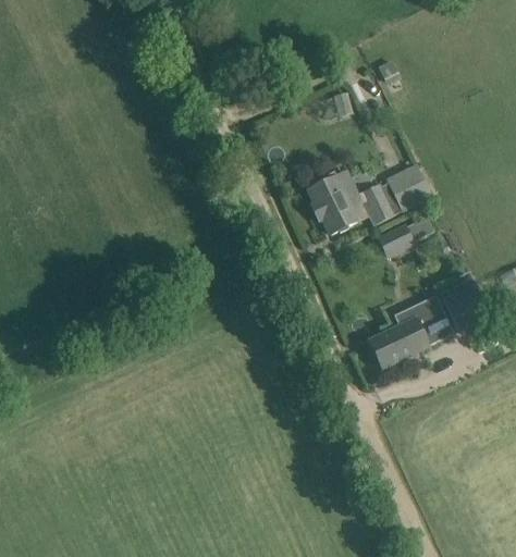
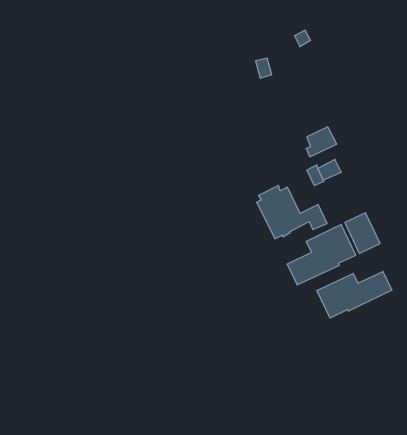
building: [307,170,392,234] -> [257,185,327,239]
building: none -> [317,271,392,318]

